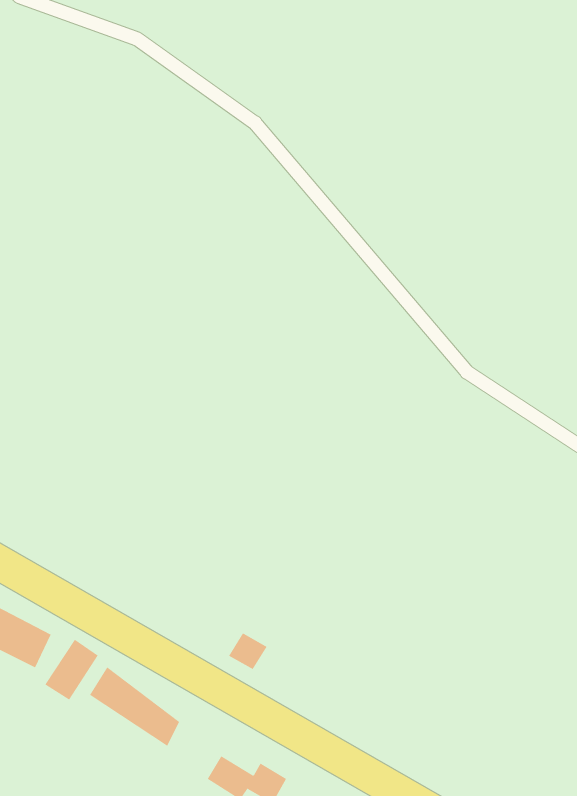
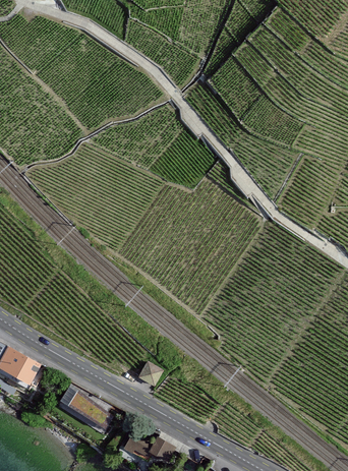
building: [44,639,98,700] -> none

